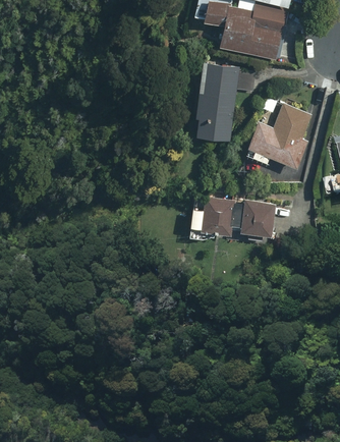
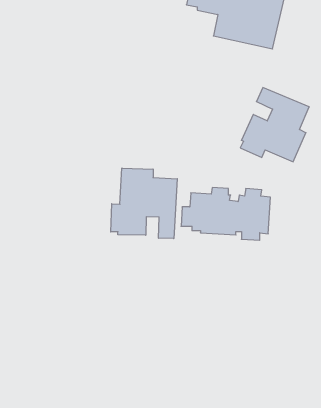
building: [194,63,257,141] -> none
building: none -> [111,168,177,239]

